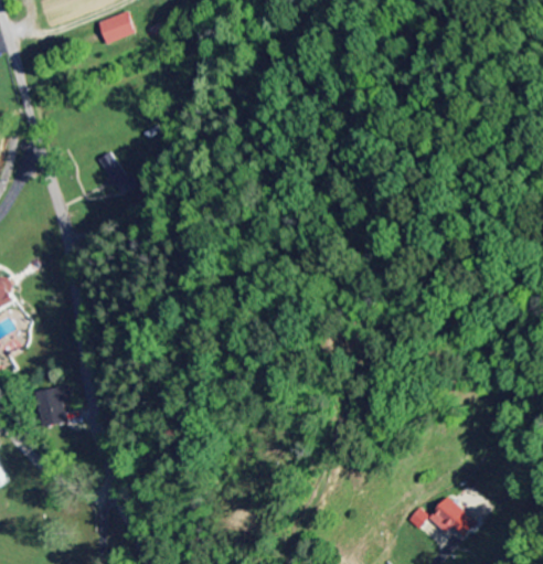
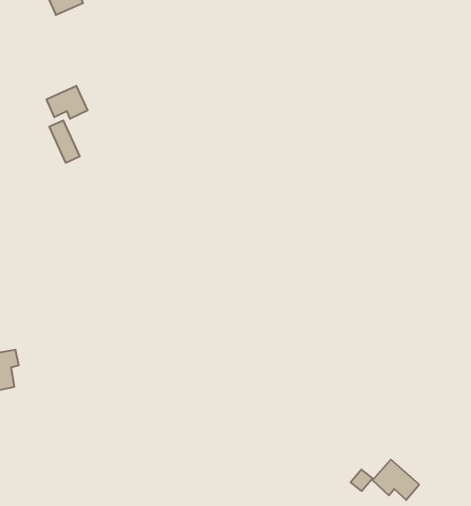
building: none -> [47,86,88,119]

